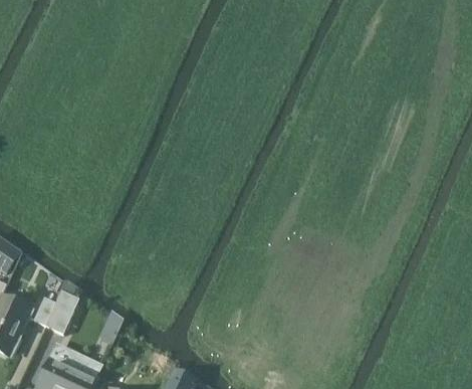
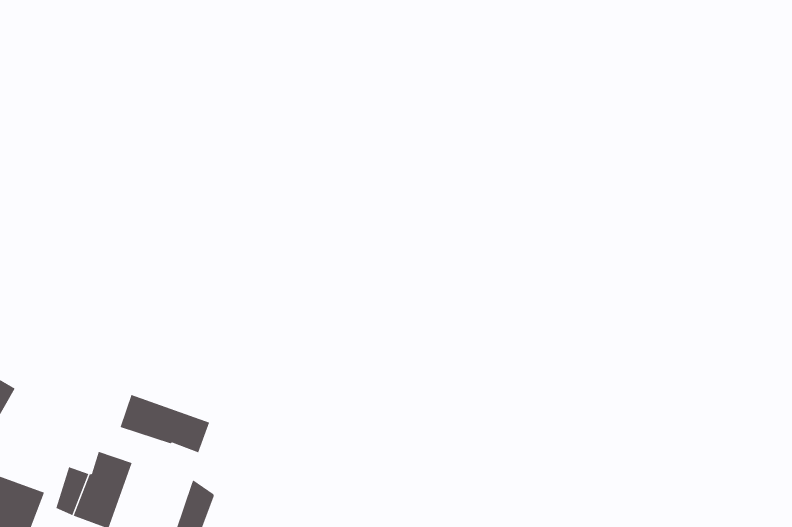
building: none -> [120,394,210,453]

